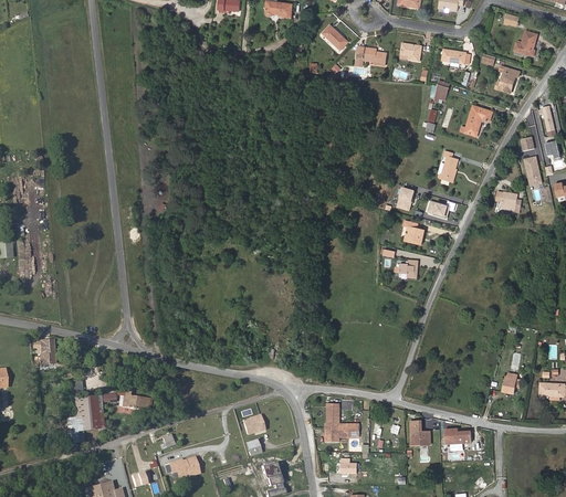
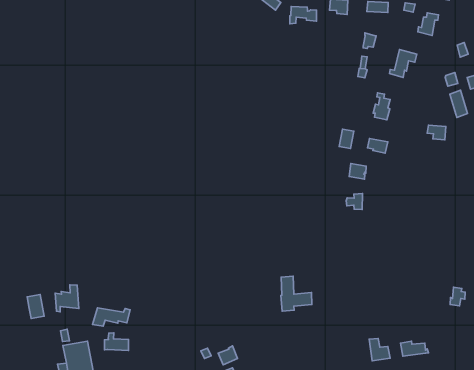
building: none -> [55,285,79,312]
building: none -> [93,308,130,326]
building: [324,403,358,441] -> [281,276,312,311]

